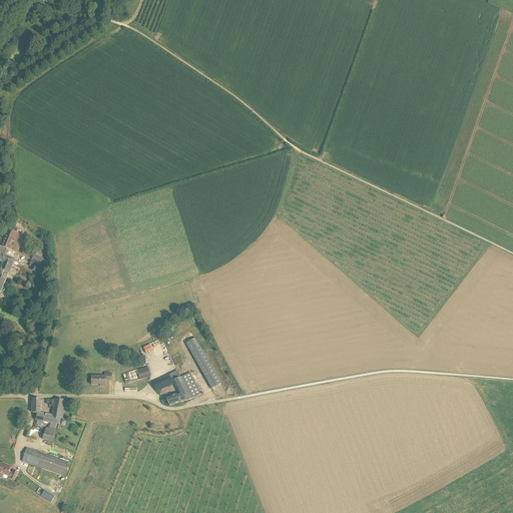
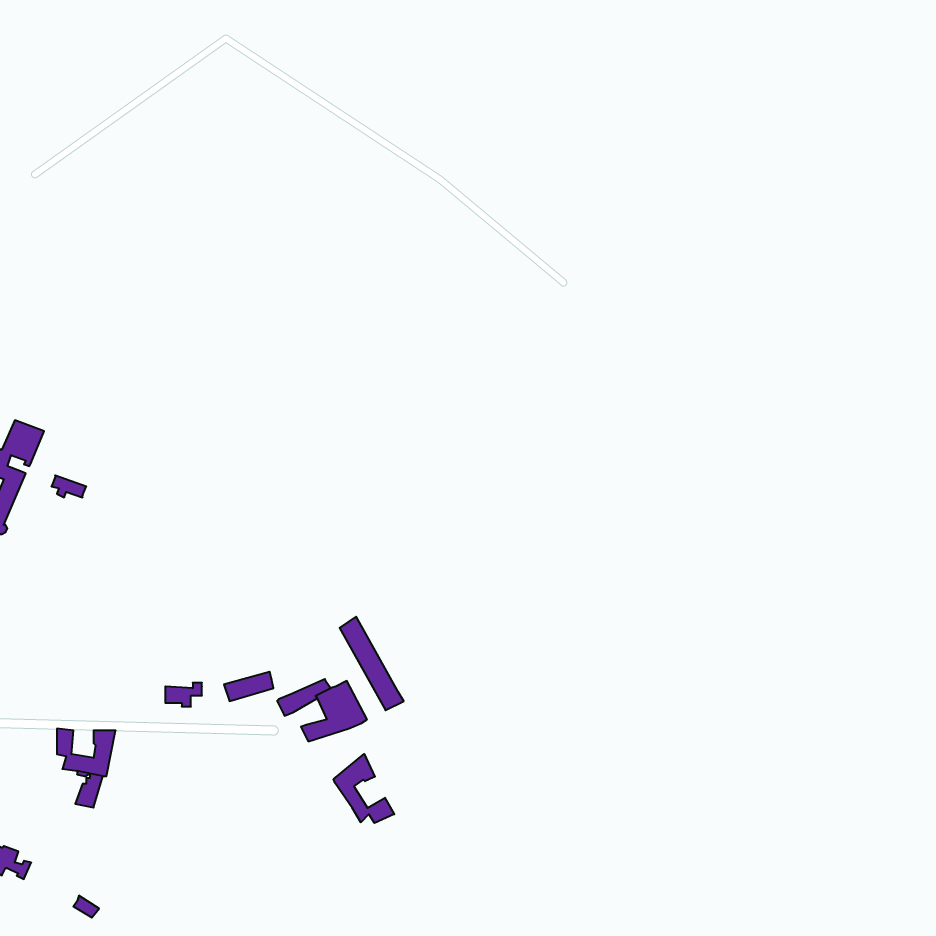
building: none -> [334,754,394,823]
building: [21,447,67,475] -> none

